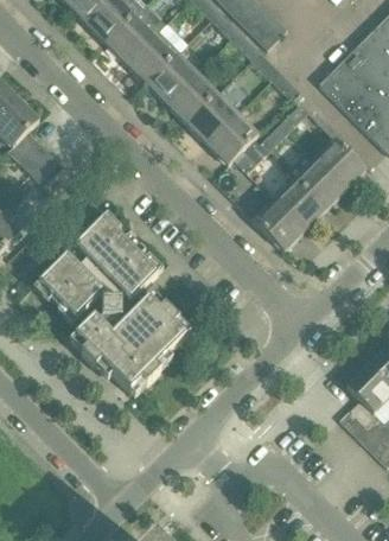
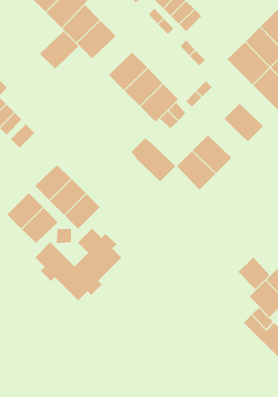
building: [148,55,199,104] -> [39,30,79,70]
building: [288,153,346,210] -> [130,137,176,182]
building: none -> [238,257,270,290]

